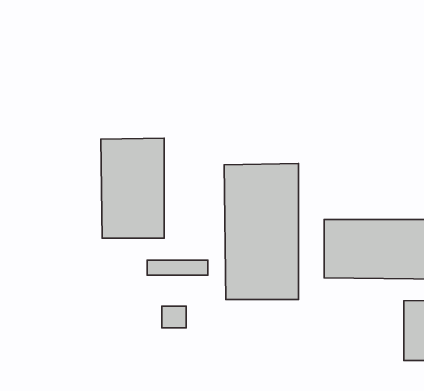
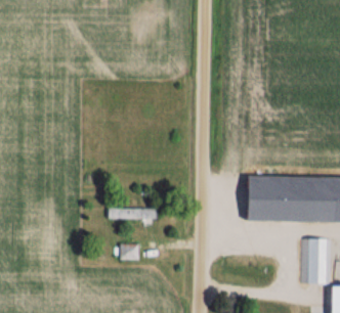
building: [101,138,164,238] -> none
building: [224,163,298,299] -> none

